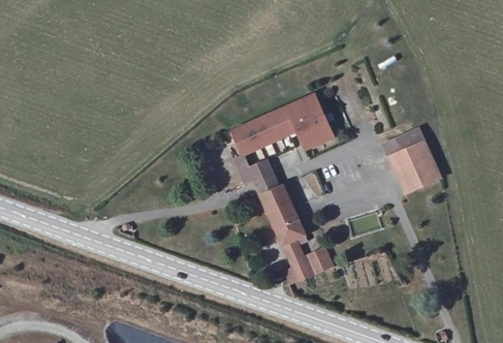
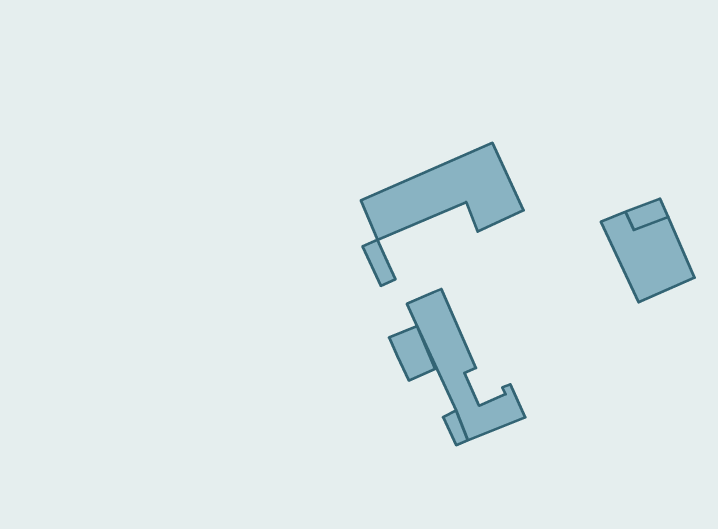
building: [247,162,276,196] -> [389,326,435,380]

